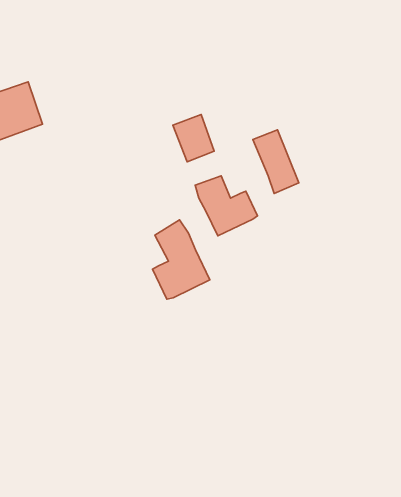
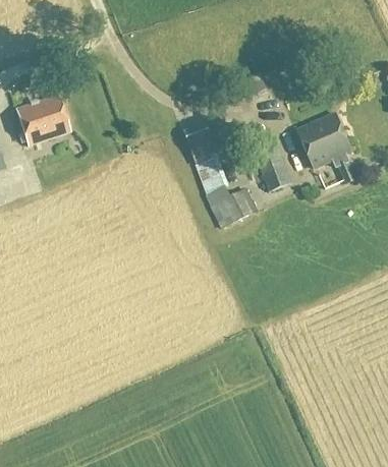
building: none -> [296,114,354,185]
building: [153,220,210,299] -> none

